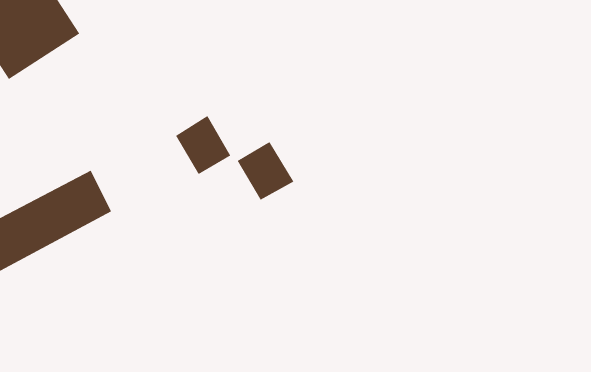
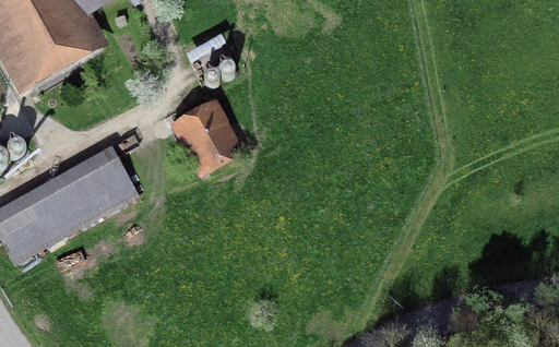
building: [237,141,294,200] -> none

